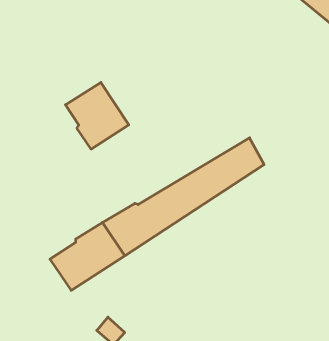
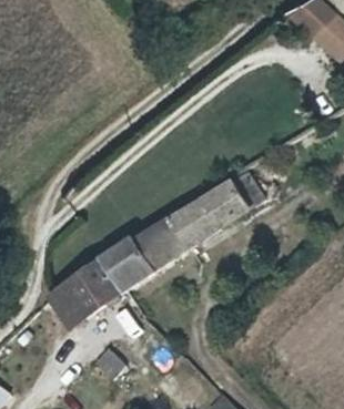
building: [65,82,129,149] -> none

